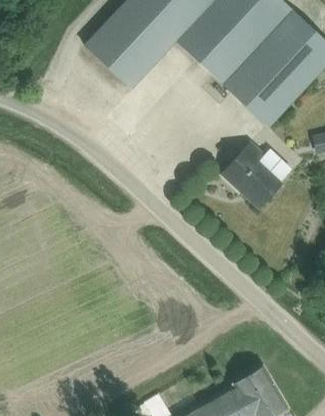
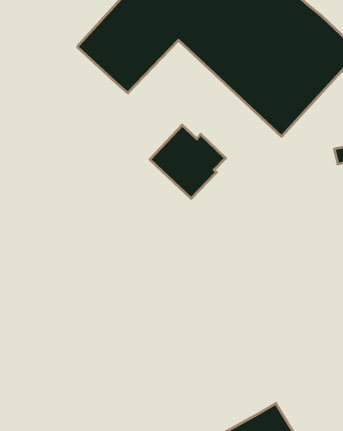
building: [222,142,290,208] -> [150,125,226,198]

